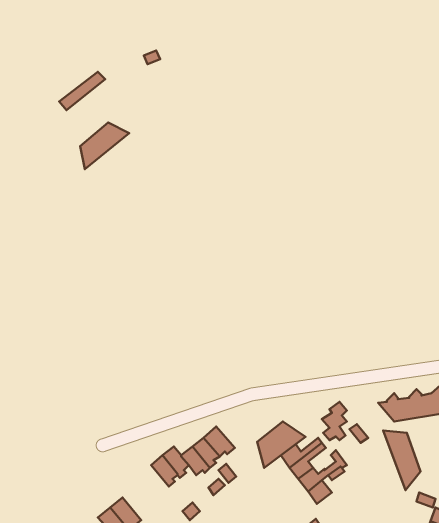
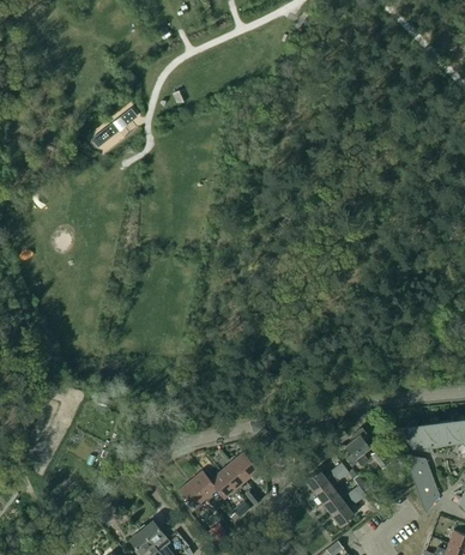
building: [80,122,129,169] -> none
building: [257,421,305,468] -> none

